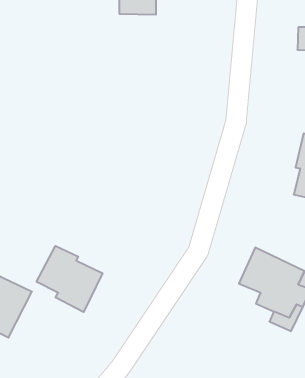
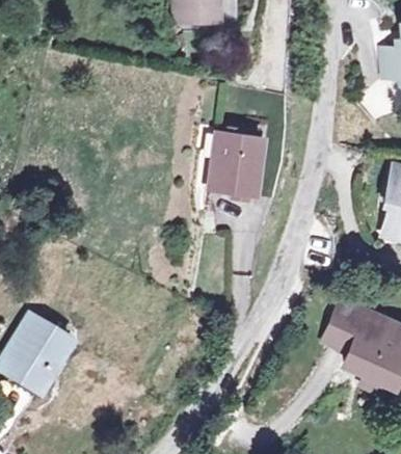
building: none -> [214,131,264,194]
building: [37,246,103,312] -> none

